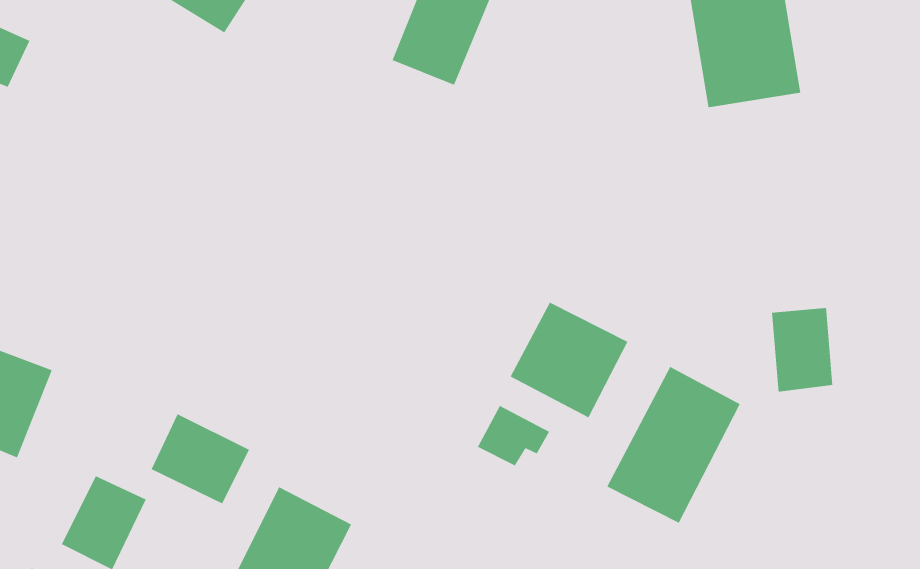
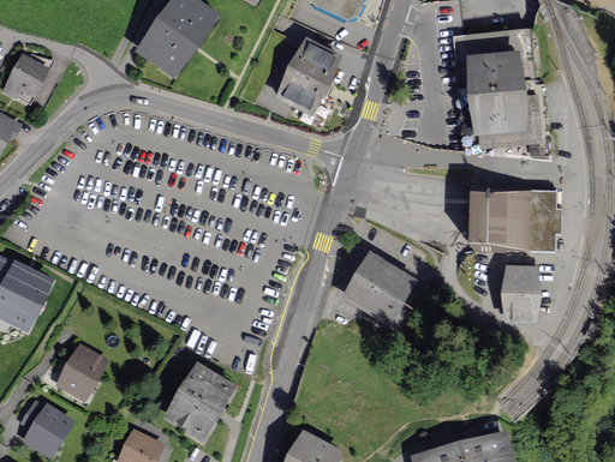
building: none -> [466,191,562,248]
building: [606,366,741,524] -> none
building: [477,405,550,467] -> none
building: [150,413,250,504] -> none

